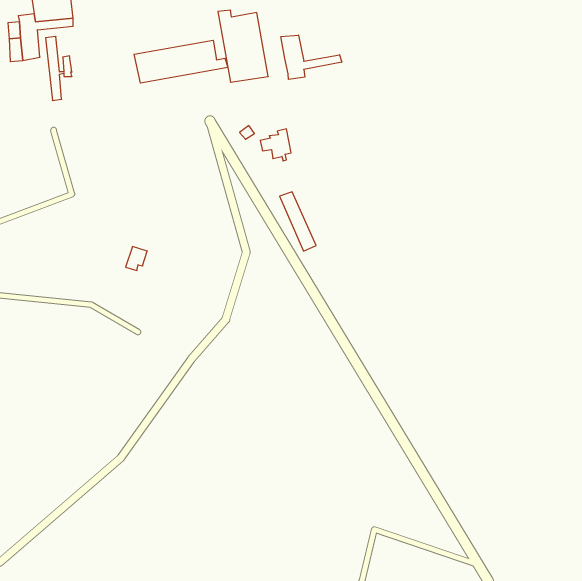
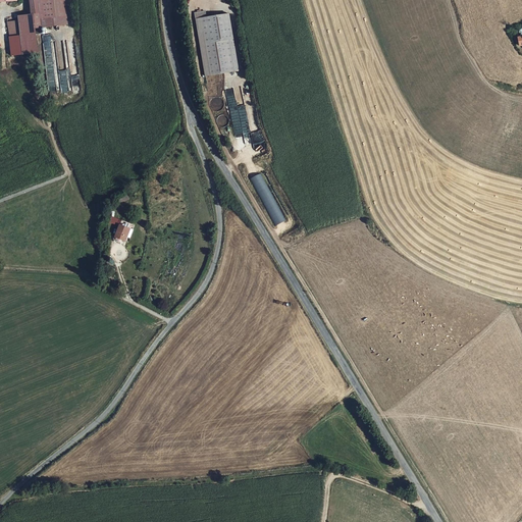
building: [281,35,342,79] -> none
building: [134,40,228,83] -> none

